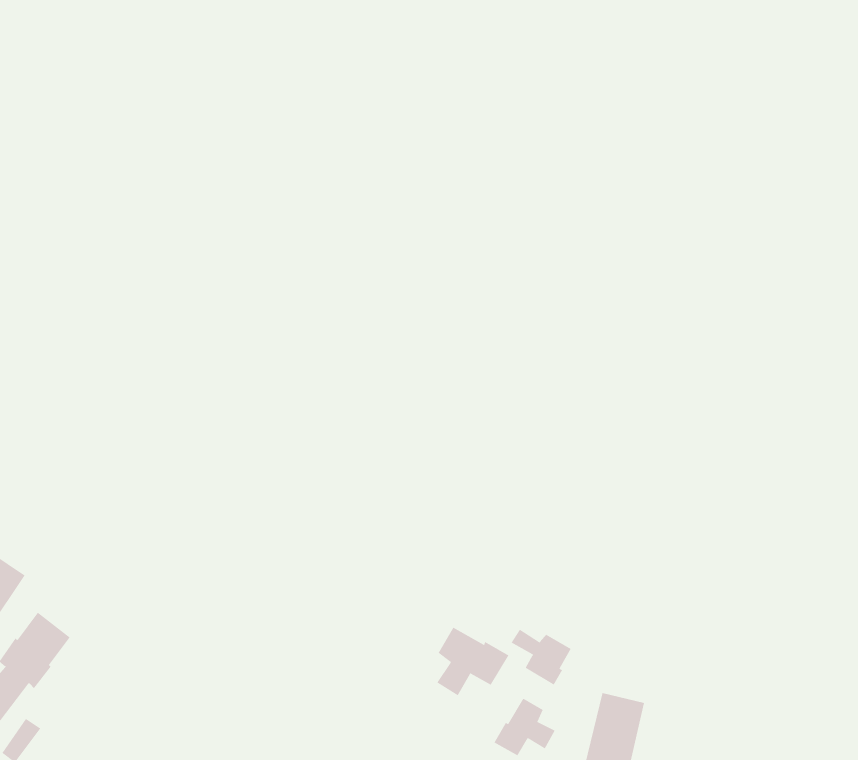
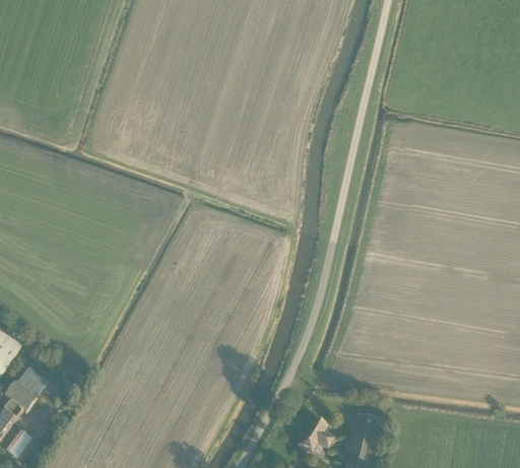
building: [436,627,509,696] -> none
building: [511,629,571,685] -> none

